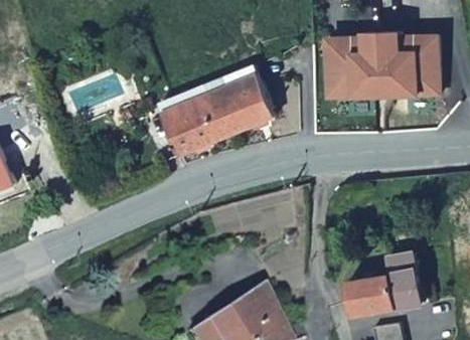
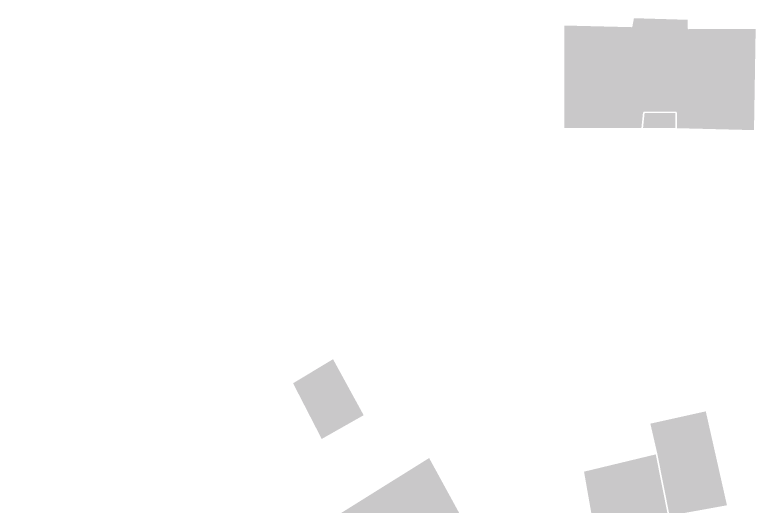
building: [168,56,283,147] -> none
building: none -> [292,358,364,440]

